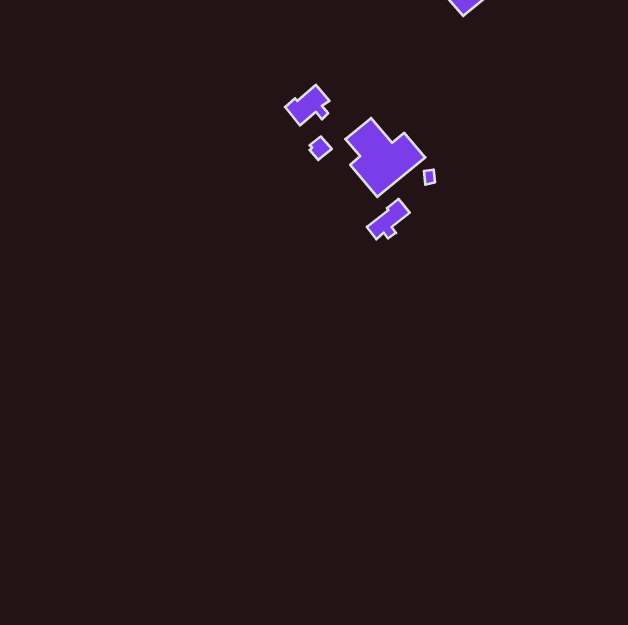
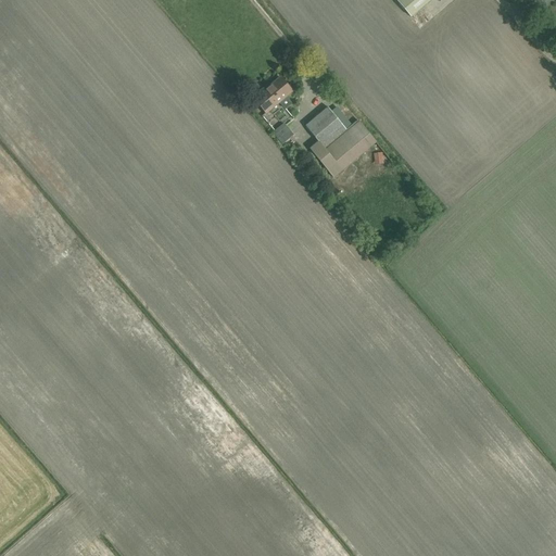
building: [367,199,410,239] -> none

